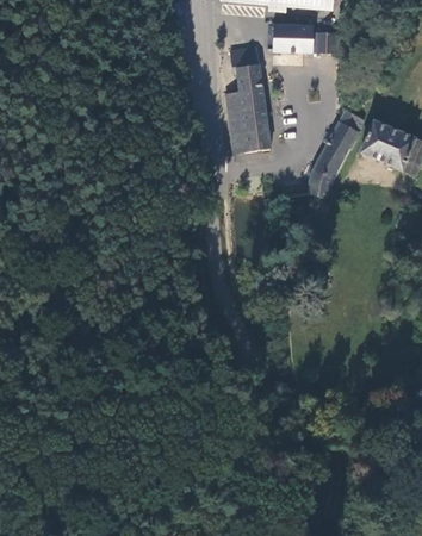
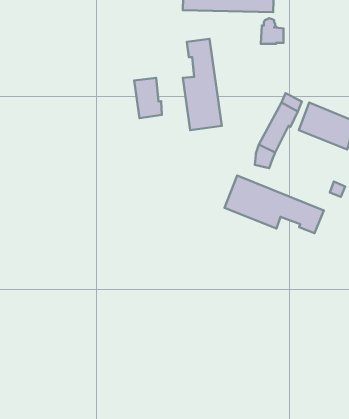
building: [273,24,311,51] -> none
building: none -> [134,78,162,118]
building: none -> [224,175,324,233]

